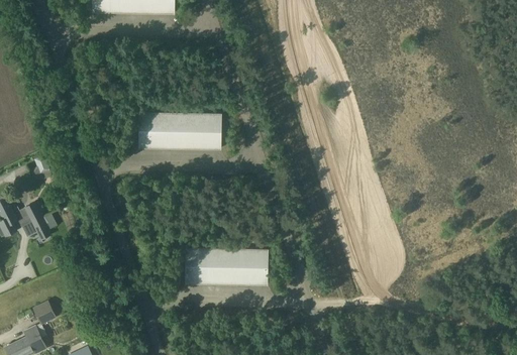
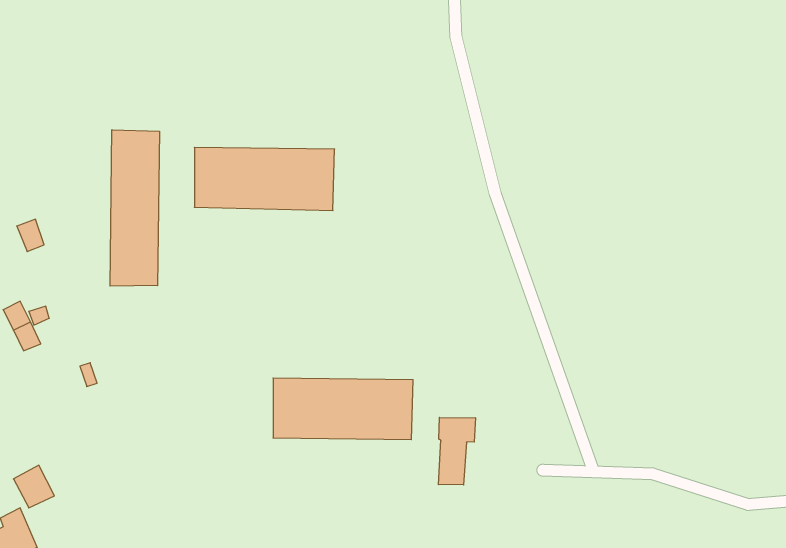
building: none -> [110,130,159,286]
building: none -> [438,417,475,485]

